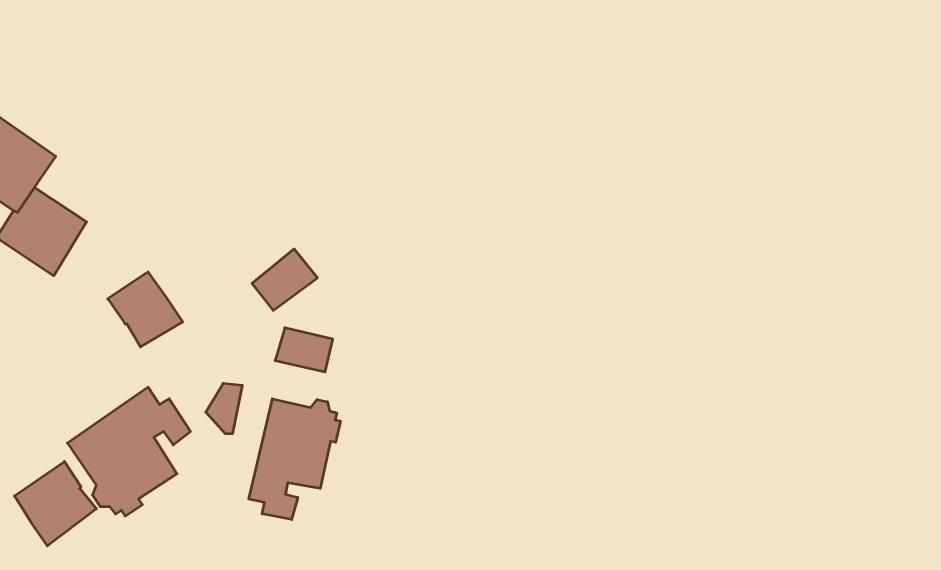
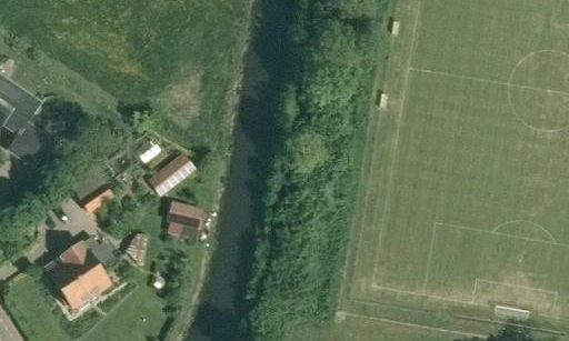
building: [249,399,340,520] -> none
building: [14,461,96,546] -> none

